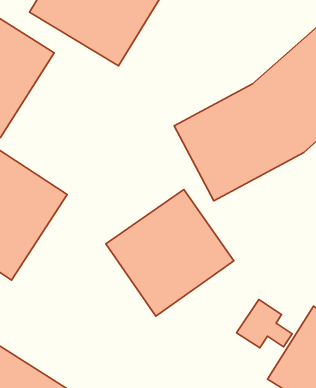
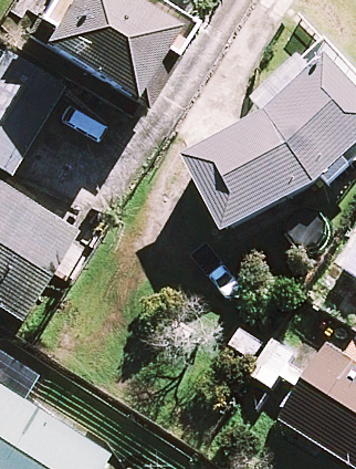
building: [106,190,234,316] -> none

